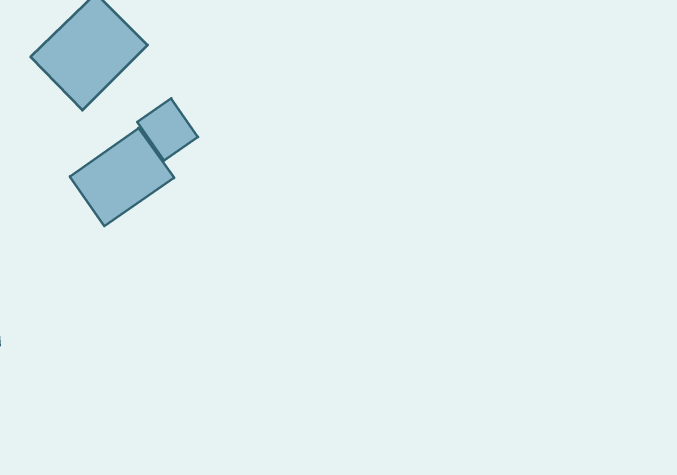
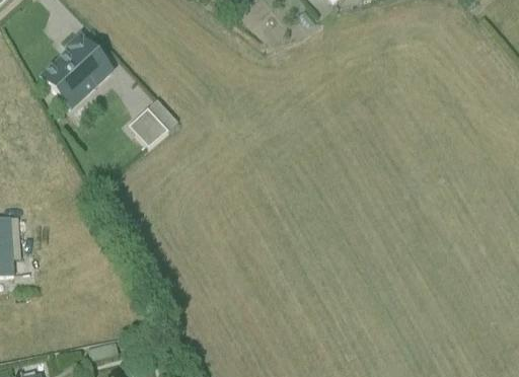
building: [70,128,174,226] -> none

